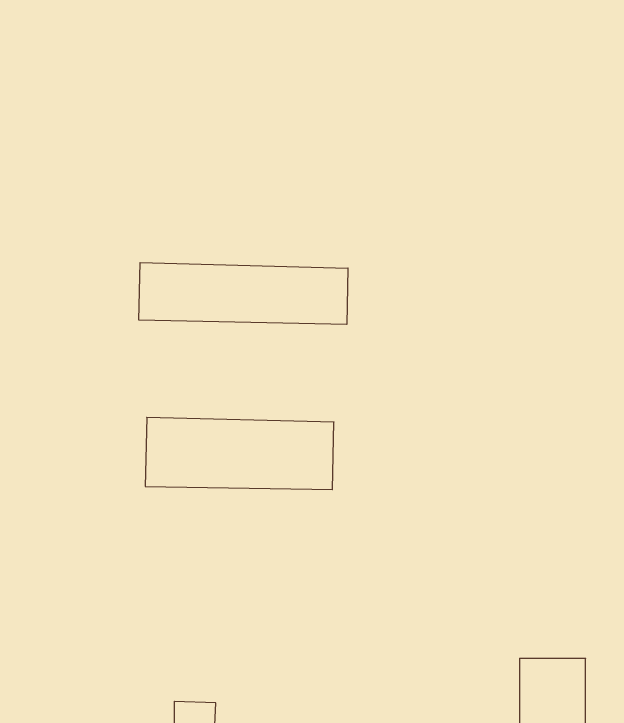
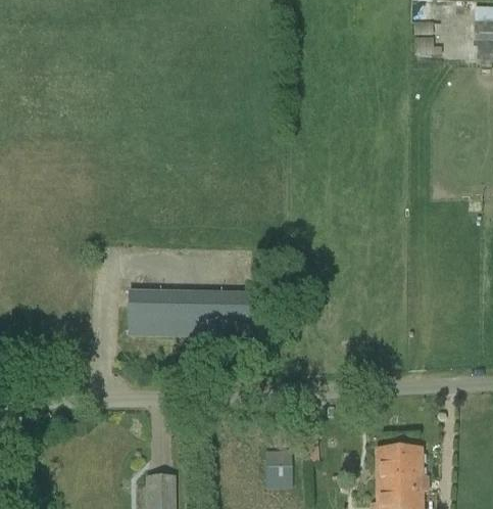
building: [139,263,348,324] -> none
building: none -> [265,451,292,488]

